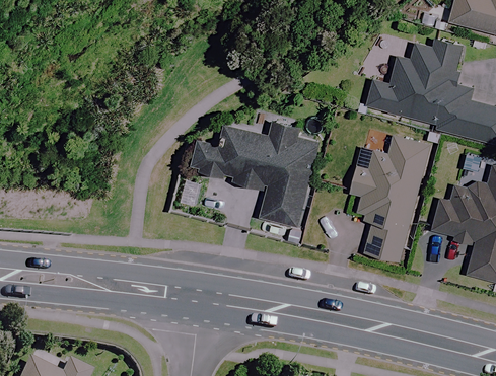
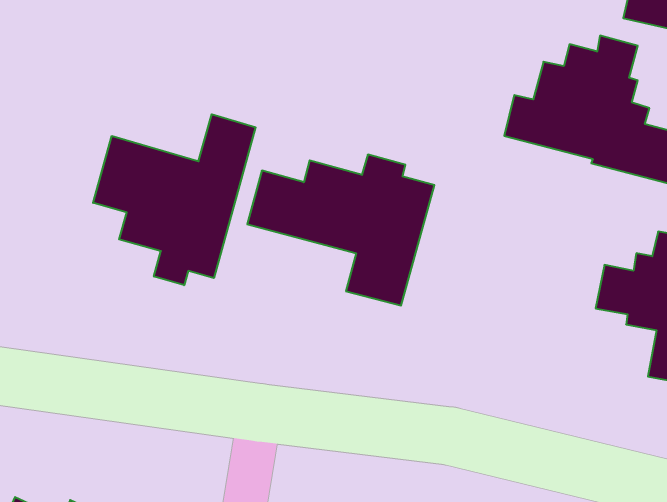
building: none -> [93,114,256,285]
building: [351,131,430,259] -> none

